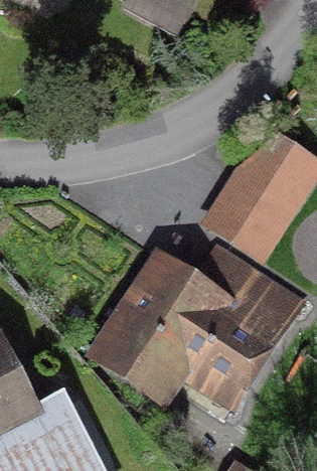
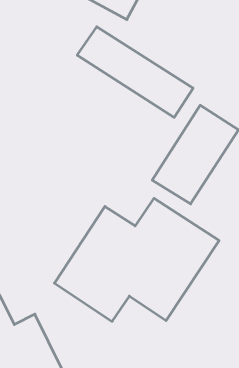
building: none -> [77,27,193,117]

